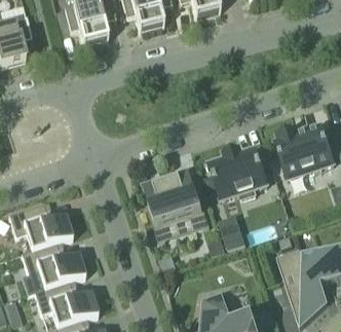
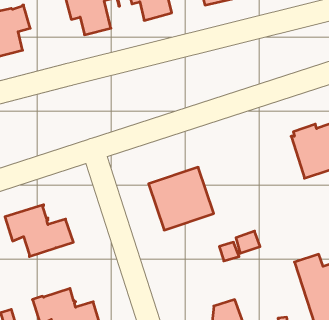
building: [209,146,268,198] -> none
building: [22,243,85,293] -> none

